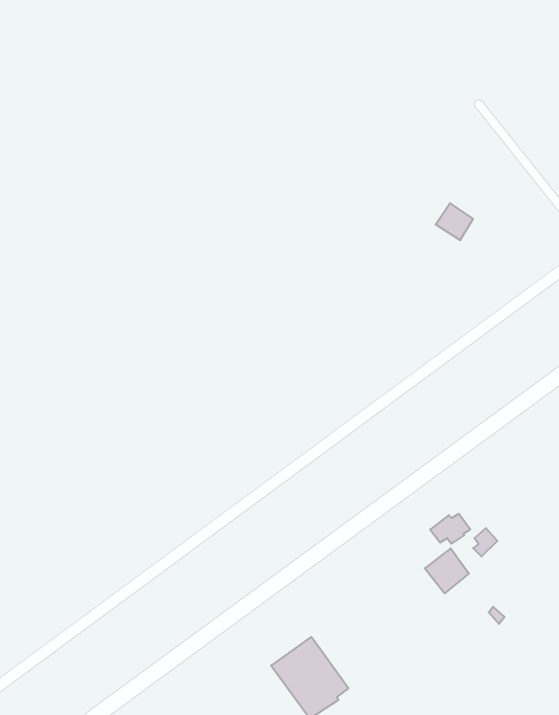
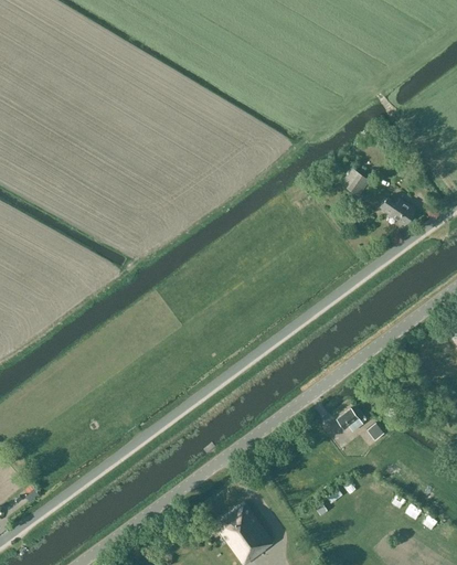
building: none -> [378,196,414,226]
building: [425,548,469,593] -> none

